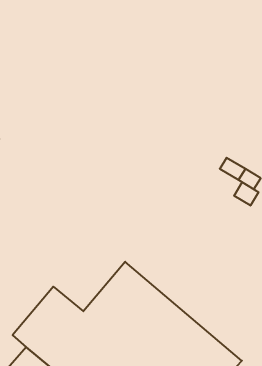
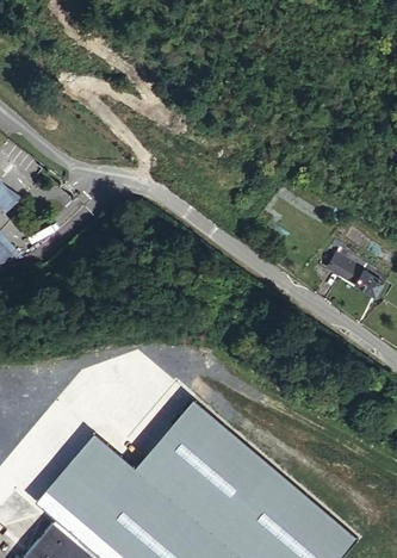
building: [234,182,258,206] -> none

